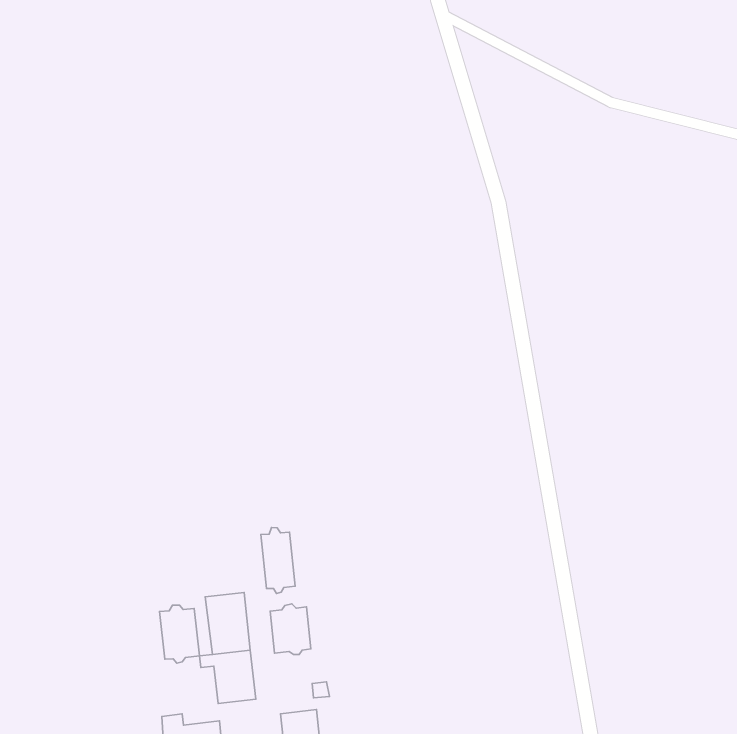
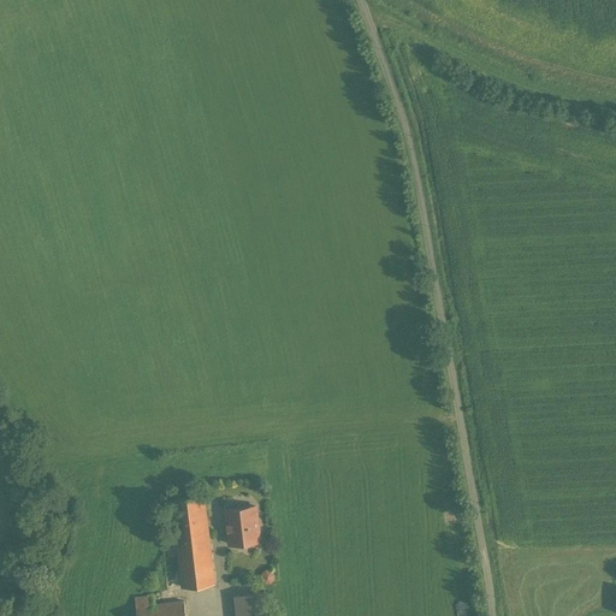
building: [261,528,295,593] -> none
building: [160,605,199,663] -> none

